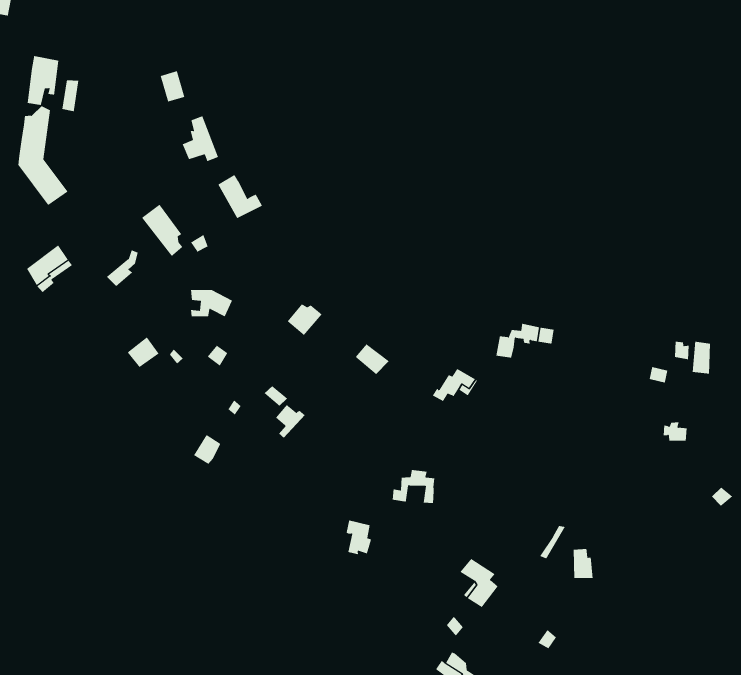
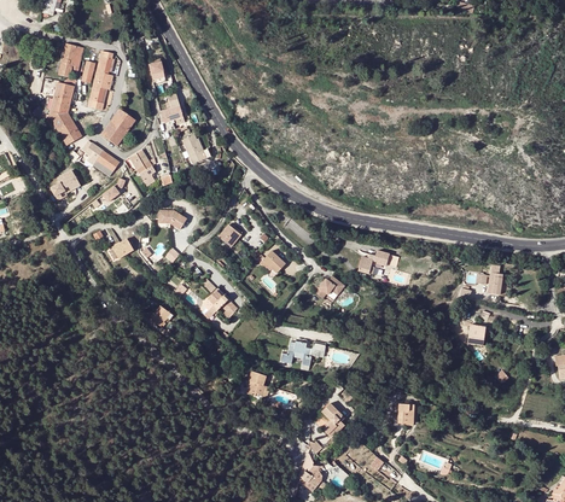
building: none -> [87,49,111,109]
building: none -> [100,109,134,145]
building: none -> [81,139,118,176]

